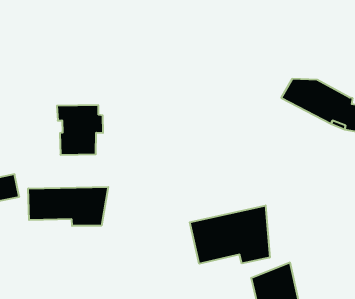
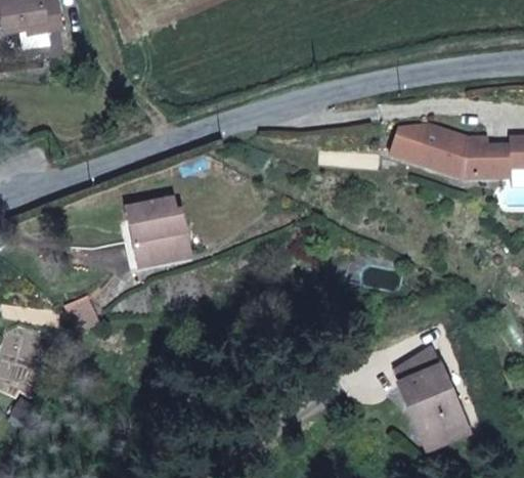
building: [28,187,108,226] -> none
building: [190,205,270,264] -> none

